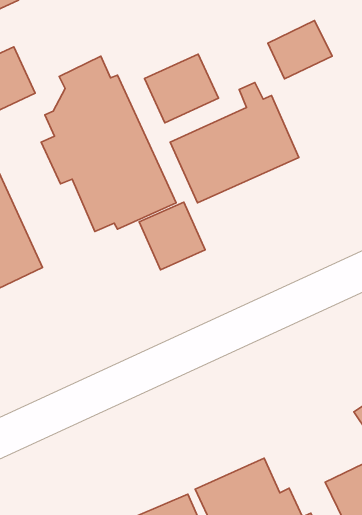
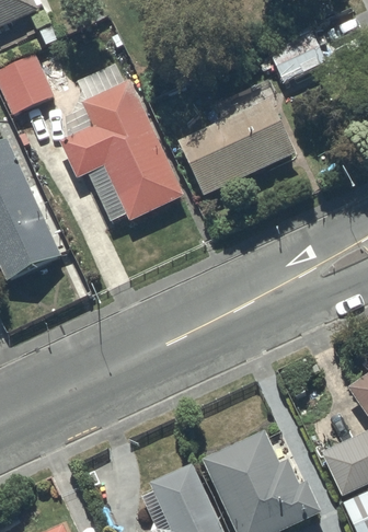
building: [145,54,218,123] -> none
building: [139,202,205,270] -> none

